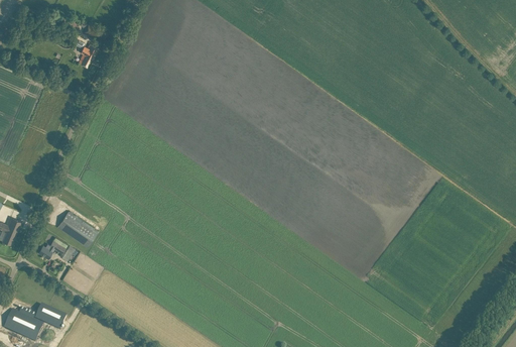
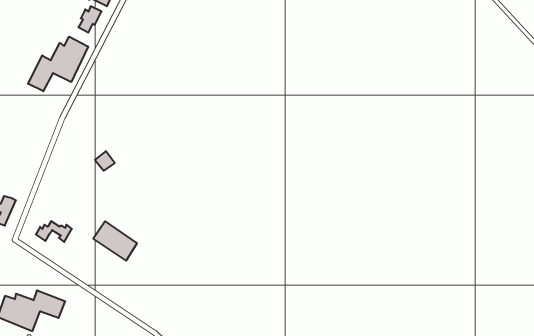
building: none -> [28,37,88,91]
building: [56,210,97,246] -> [93,221,137,261]

